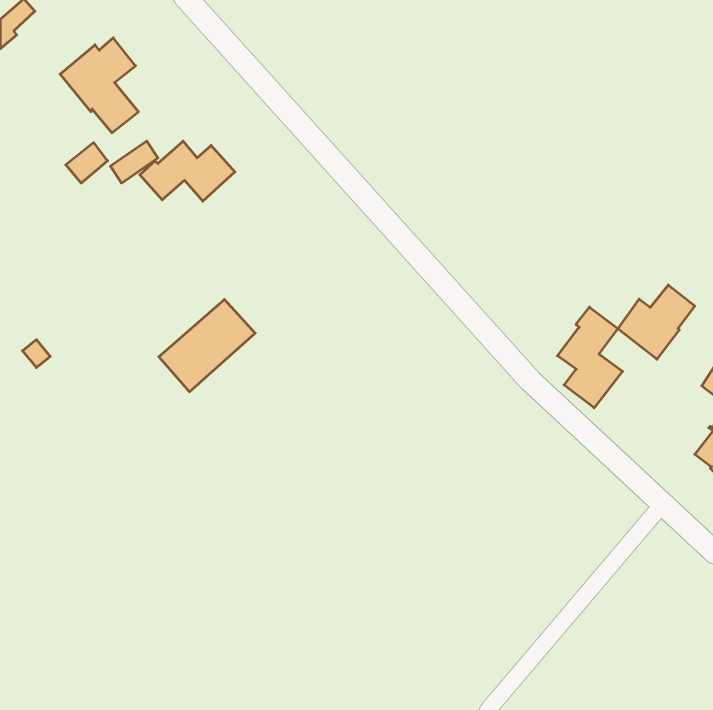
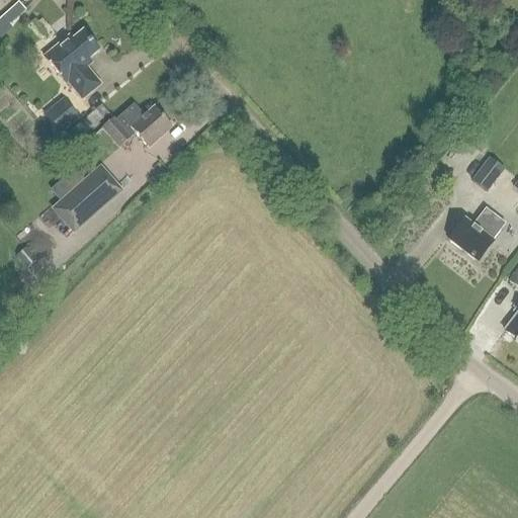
building: none -> [471,157,503,190]
building: [159,299,255,392] -> [52,165,121,232]
building: [557,307,623,408] -> none

